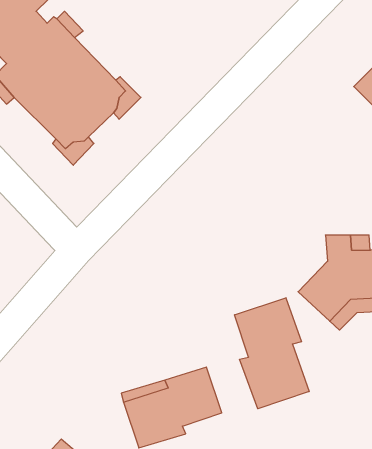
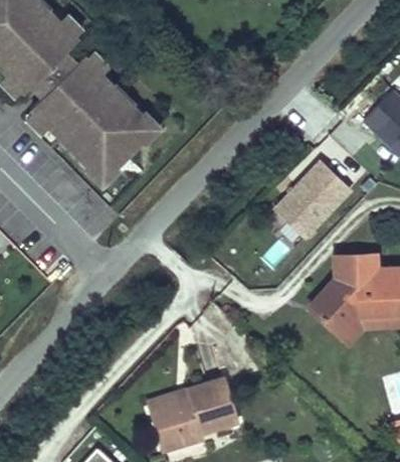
building: none -> [269,158,352,241]
building: [235,298,309,409] -> none

